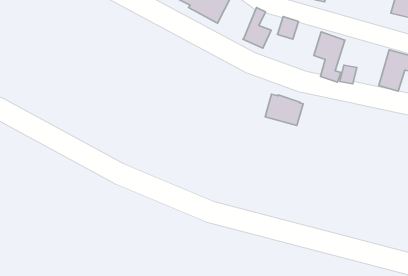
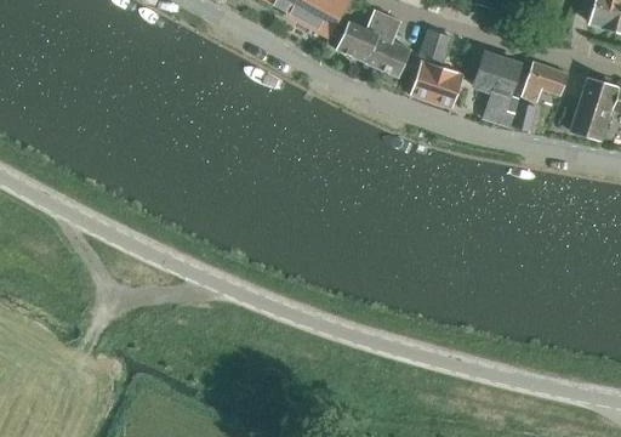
building: none -> [336,10,387,62]
building: none -> [522,61,566,100]
building: [265,94,303,126] -> [405,59,462,107]

